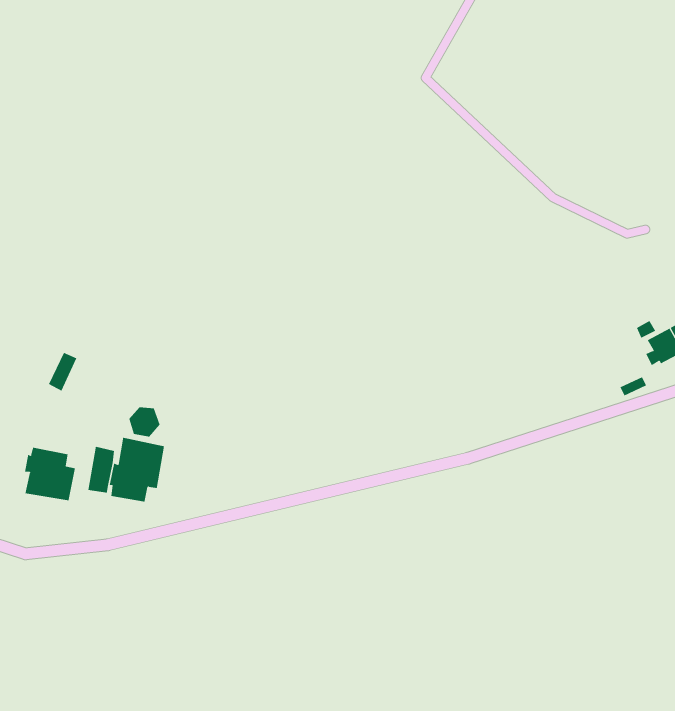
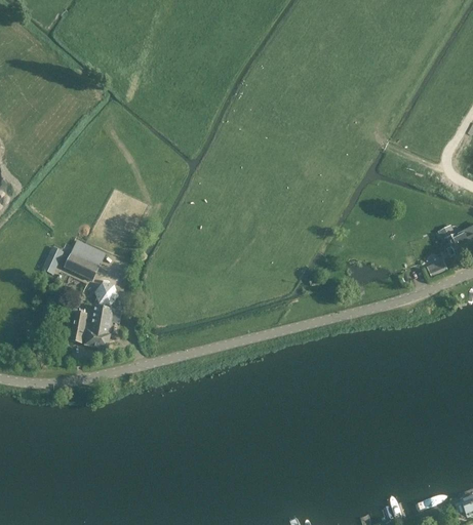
building: none -> [63,239,103,279]
building: [25,447,75,501] -> none

